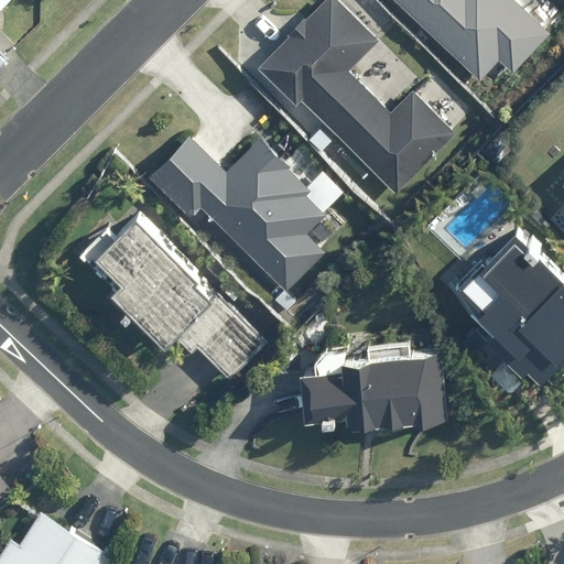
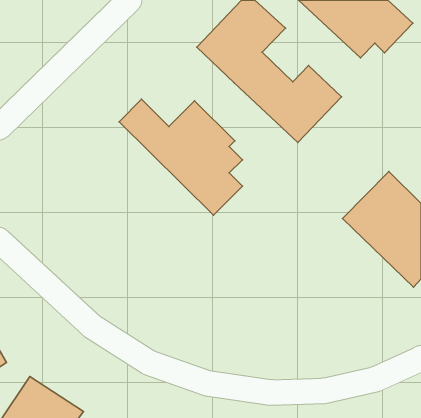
building: [76,206,265,376] -> none
building: [301,345,442,425] -> none

